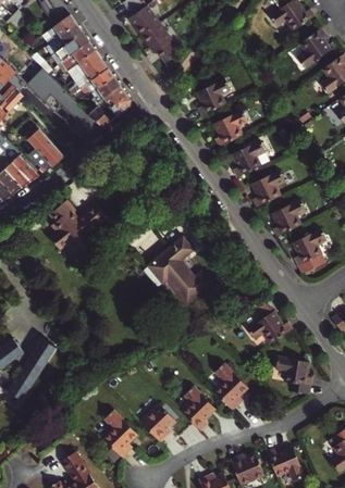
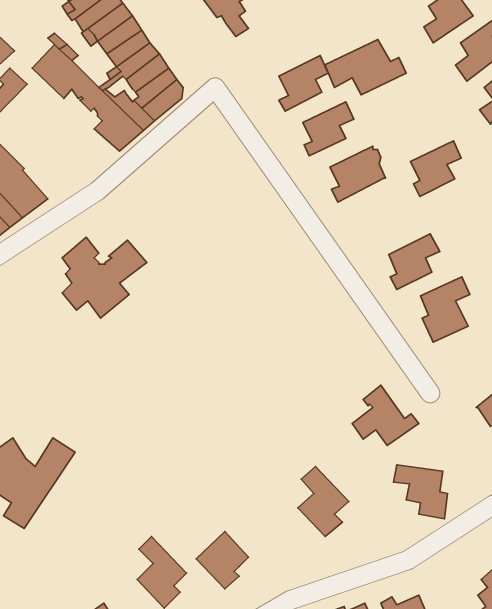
building: none -> [325,39,406,95]
building: [27,128,63,171] -> none
building: [249,168,284,207] -> [410,141,461,196]
building: [147,237,210,303] -> none
building: [181,384,214,429] -> none

